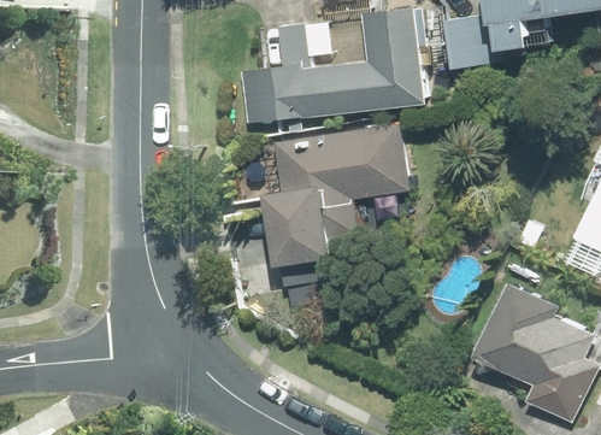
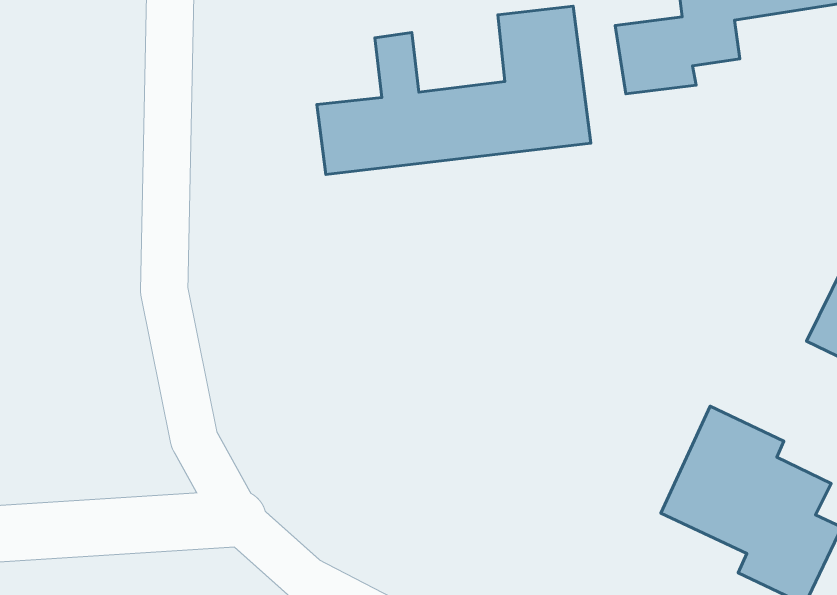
building: [261,120,407,307] -> none

